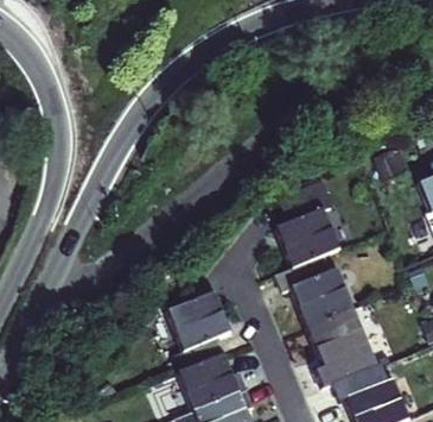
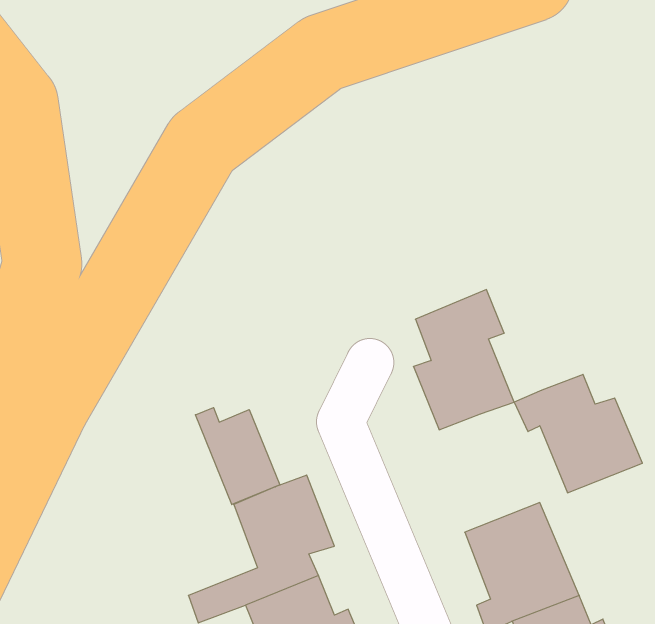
building: none -> [195,408,280,505]
building: [275,254,352,326] -> [514,374,642,493]

